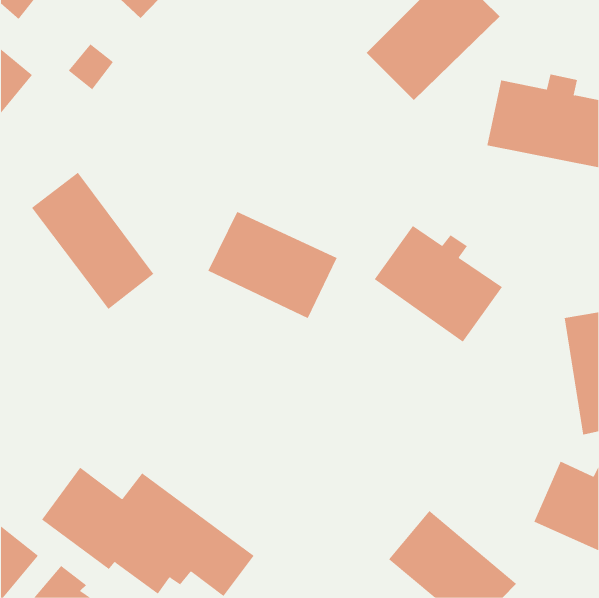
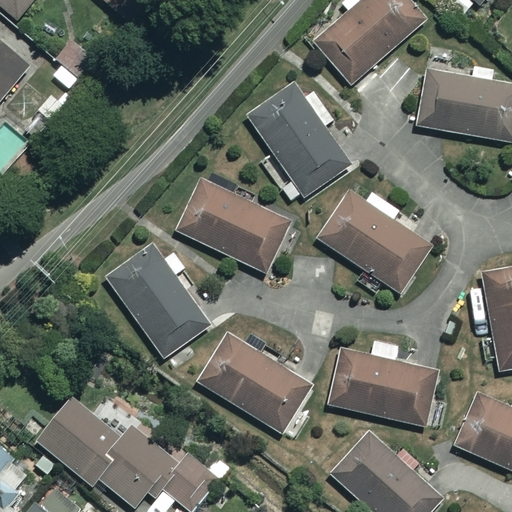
building: none -> [246,85,351,197]
building: [31,172,154,310] -> none
building: none -> [105,246,209,358]
building: none -> [332,340,436,425]
building: none -> [199,341,306,432]

